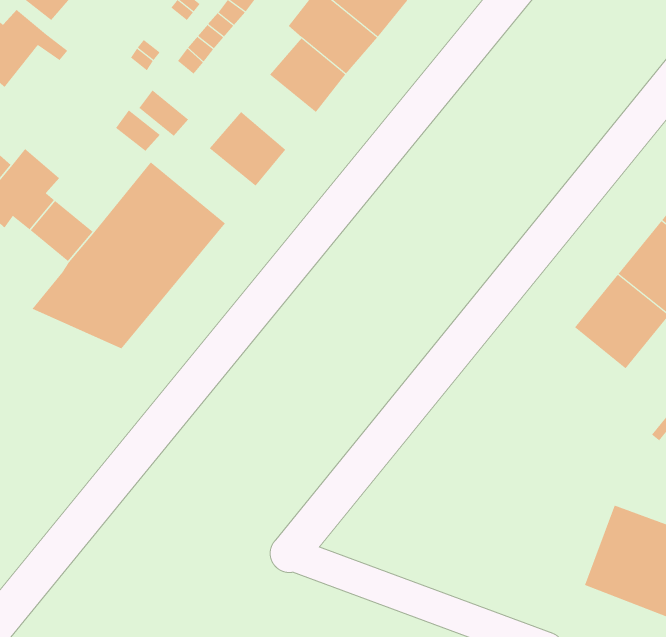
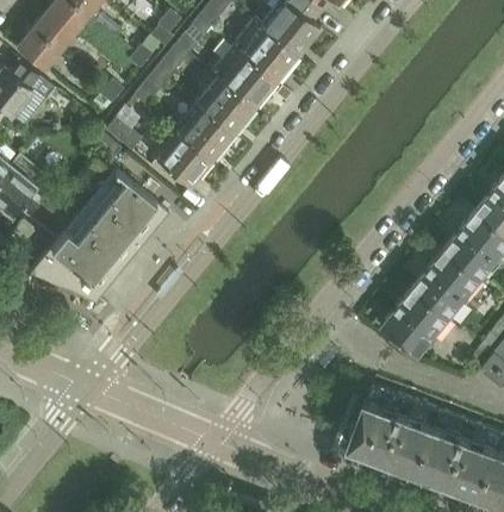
building: none -> [178,107,231,161]
building: none -> [381,287,452,356]
building: none -> [349,386,443,470]

